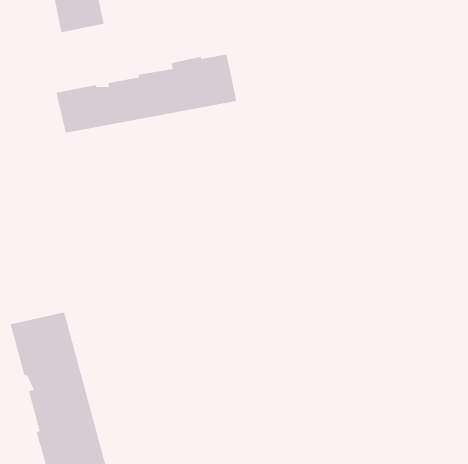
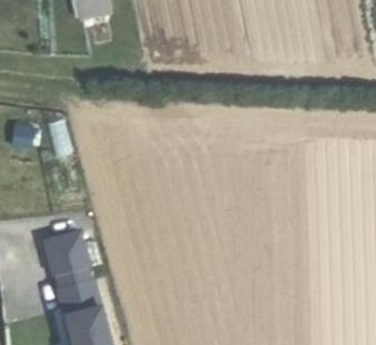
building: [56,54,237,133] -> none

